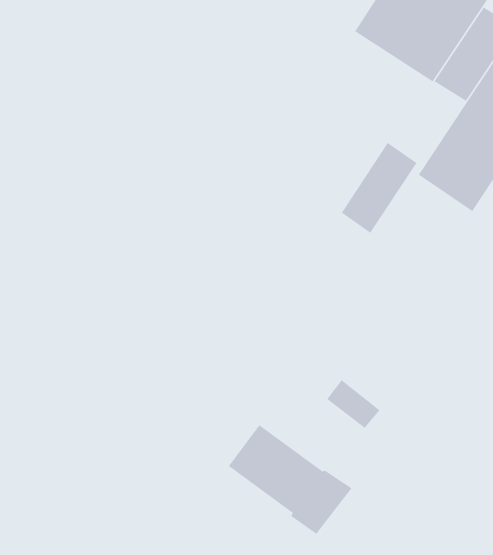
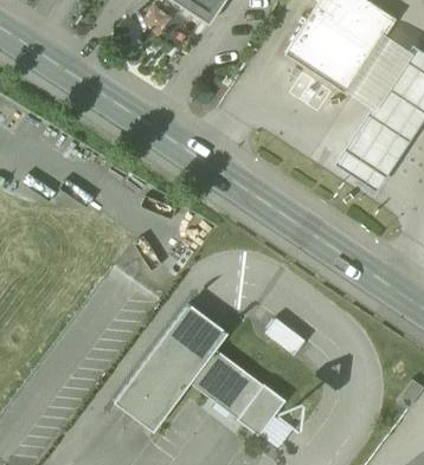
building: [341,142,417,234] -> none
building: none -> [117,306,226,431]

